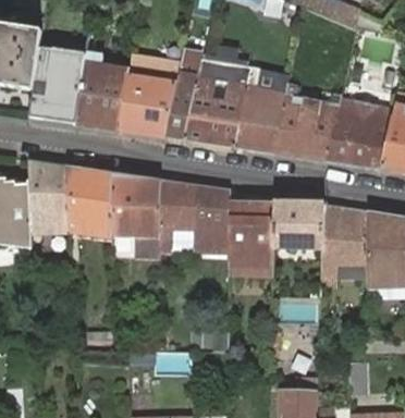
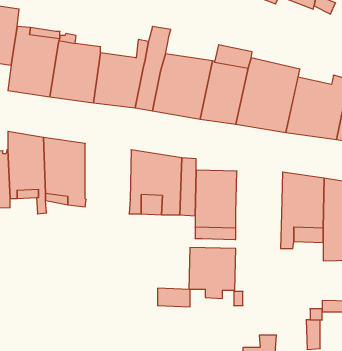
building: [198,45,250,85] -> none
building: [112,173,161,256] -> none
building: [273,202,323,257] -> [189,248,236,298]

